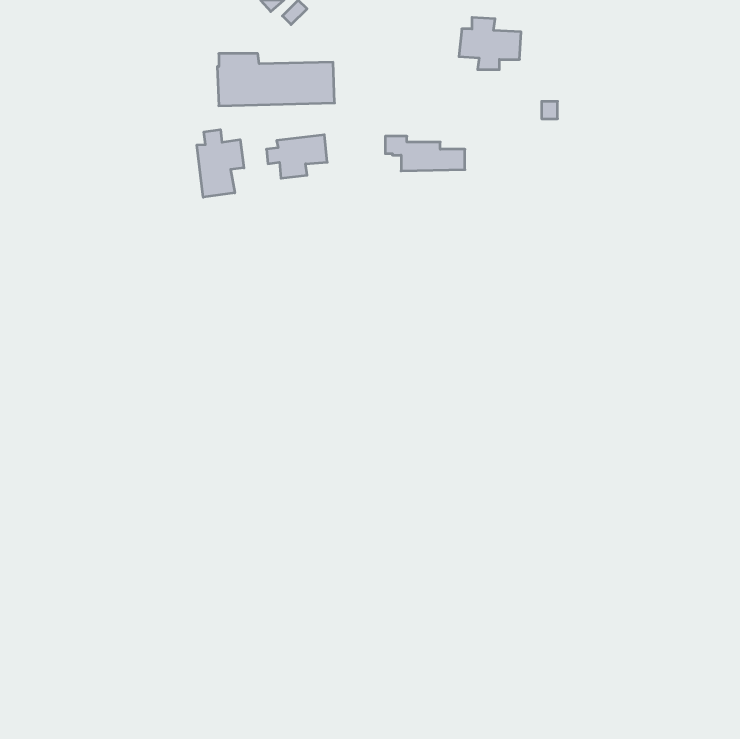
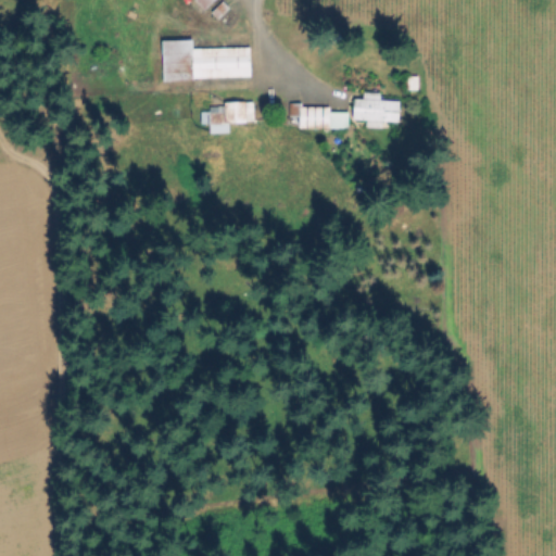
building: [459,17,521,70] -> [353,89,400,128]
building: [197,130,244,197] -> none

